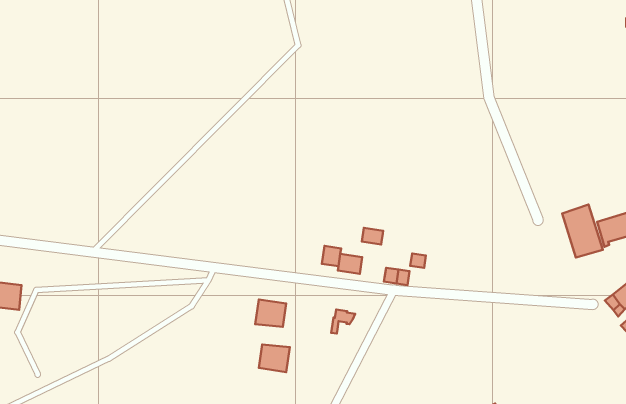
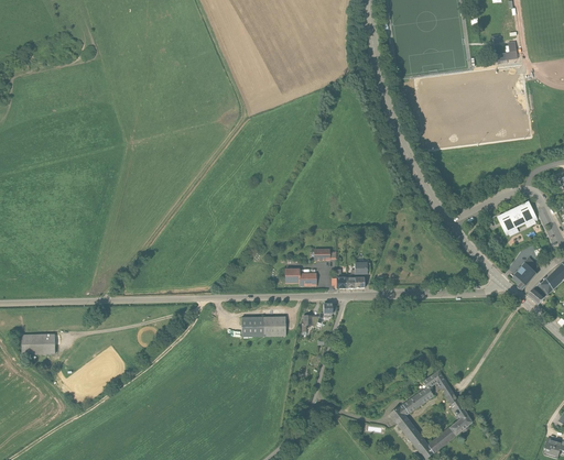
building: [562,204,603,258] -> none
building: [259,345,290,372] -> [263,315,285,335]

